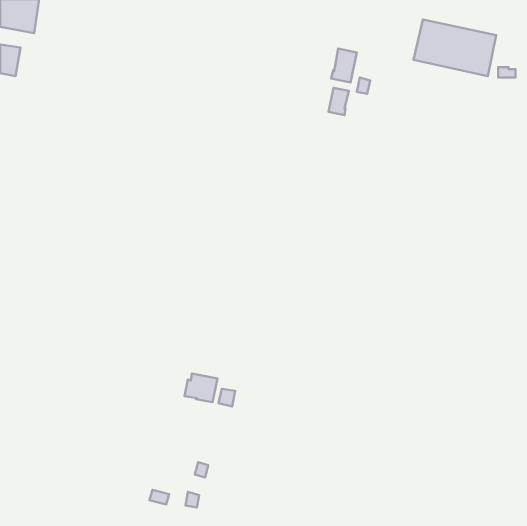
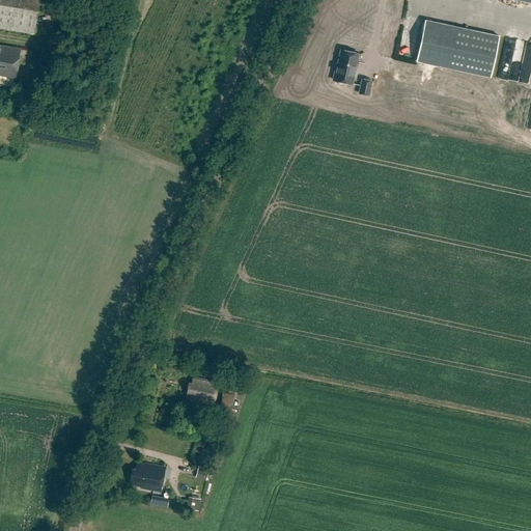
building: [328,88,349,115] -> none
building: none -> [130,463,165,491]

